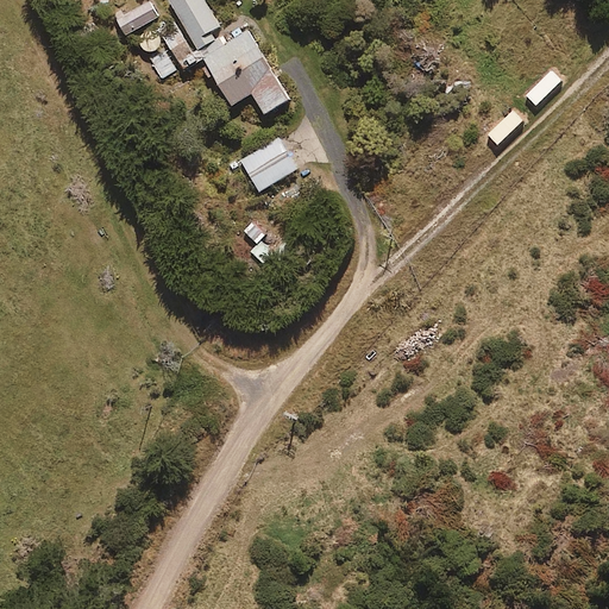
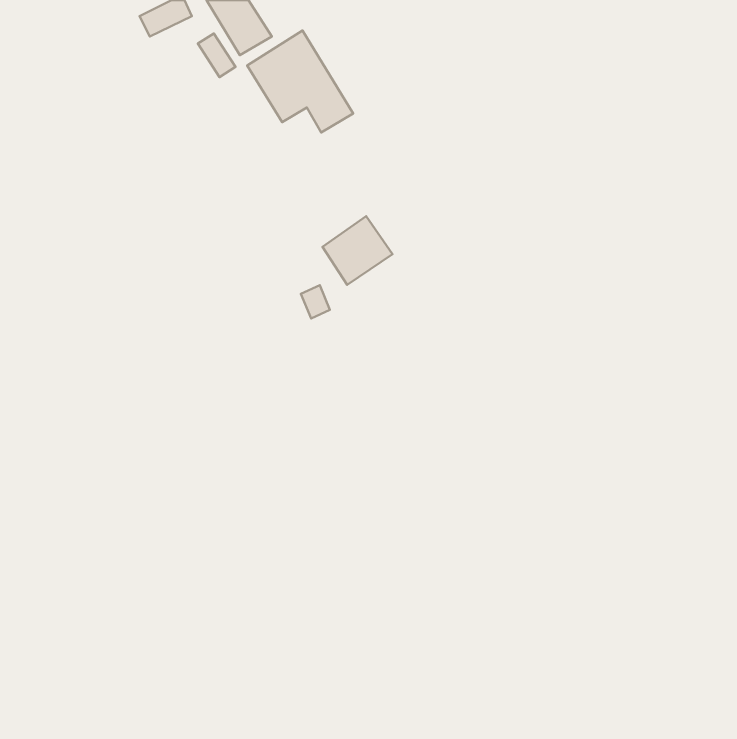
building: [239,137,296,193] -> [323,216,392,285]

